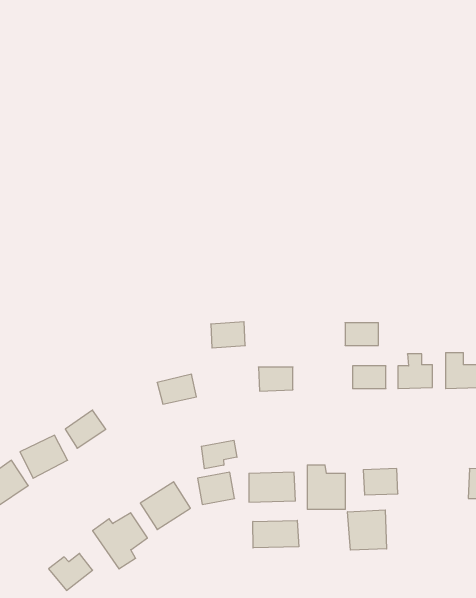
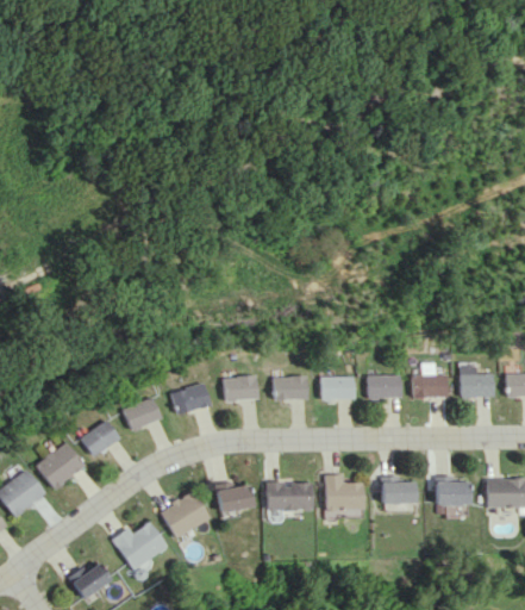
building: [211,322,245,348] -> [226,375,261,402]
building: [345,323,378,345] -> [323,376,356,399]
building: none -> [126,399,163,429]
building: [201,440,237,469] -> none
building: none -> [435,479,468,505]
building: [348,510,387,550] -> none
building: [253,520,299,548] -> none

